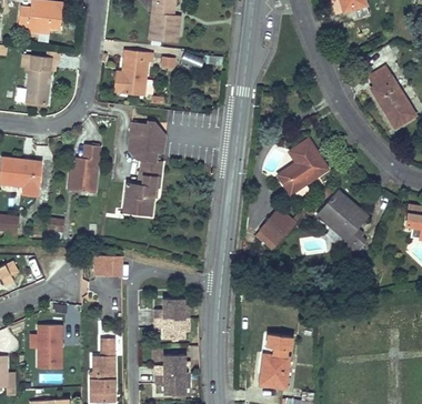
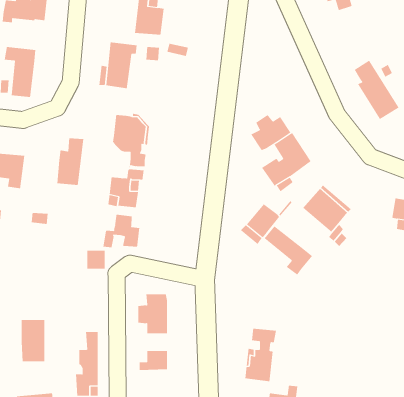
building: none -> [251,114,291,151]
building: none -> [103,214,140,248]
building: none -> [264,225,313,275]
building: [154,375,184,396] -> none

